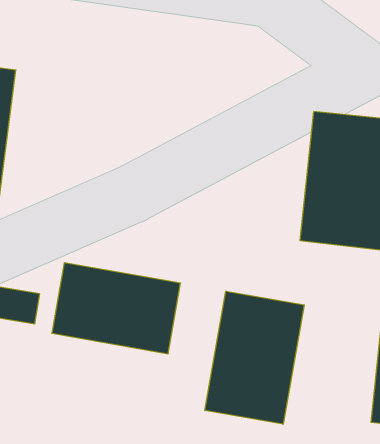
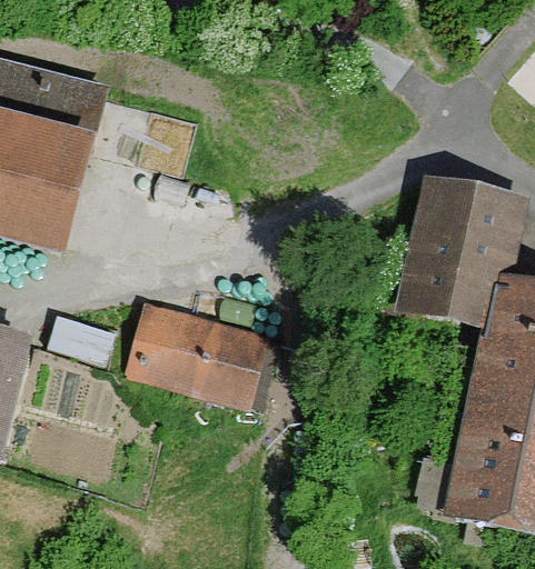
building: [205,291,304,424] -> none

